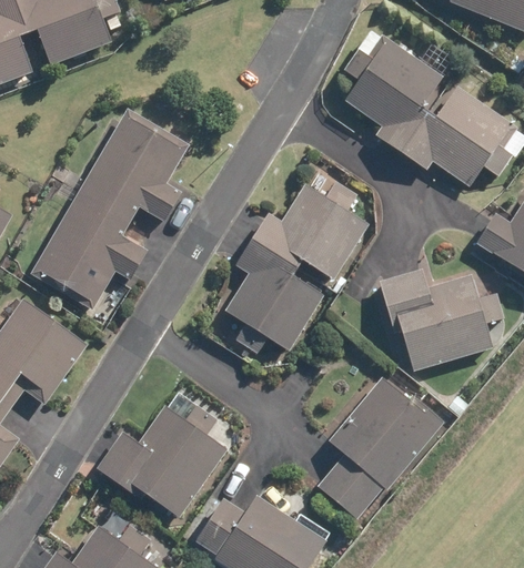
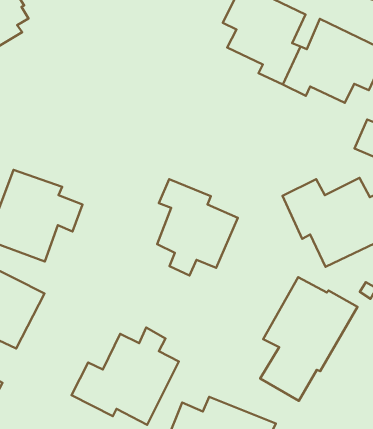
building: [75,109,189,226] -> none
building: [252,182,369,281] -> none

